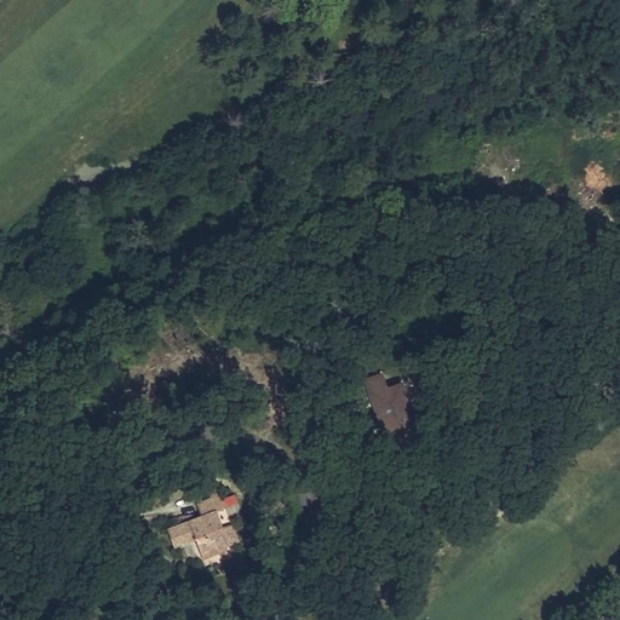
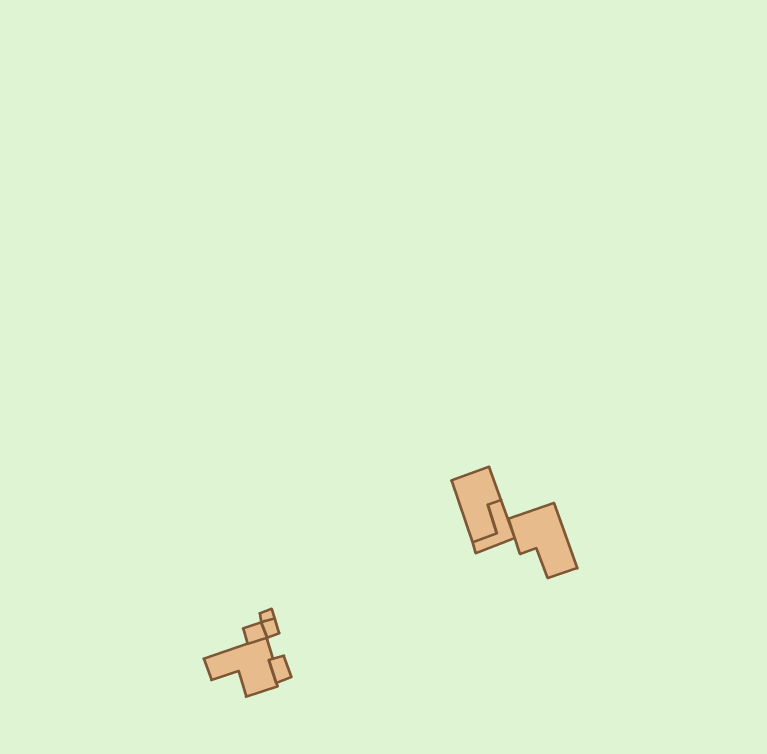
building: none -> [508,503,577,578]

